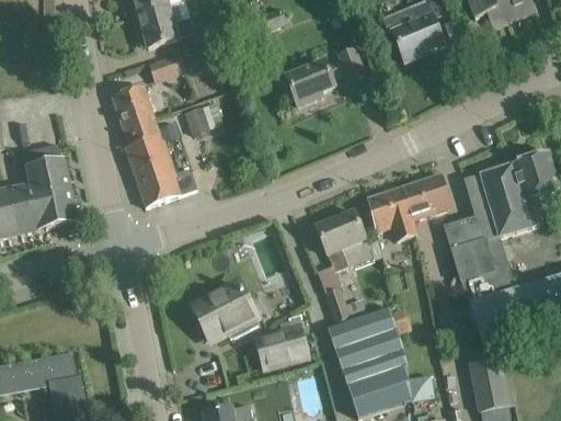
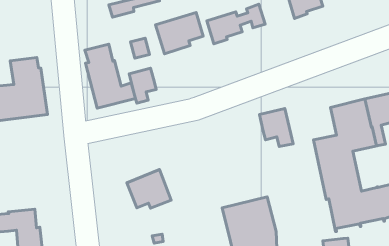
building: none -> [155,12,203,54]
building: [111,84,153,128] -> none
building: none -> [129,68,156,103]
building: [401,172,450,219] -> none
building: [314,211,371,321] -> none
building: [255,326,306,367] -> none

